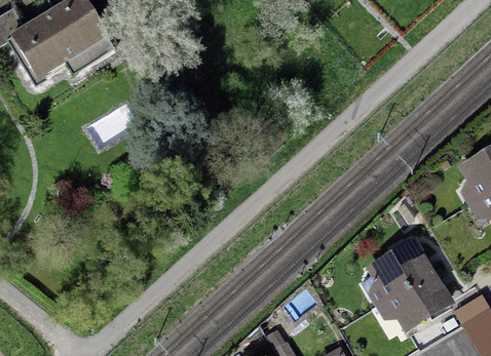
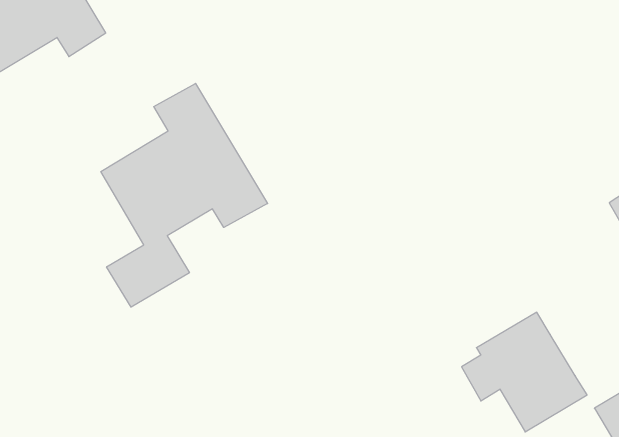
building: none -> [101,83,268,307]

